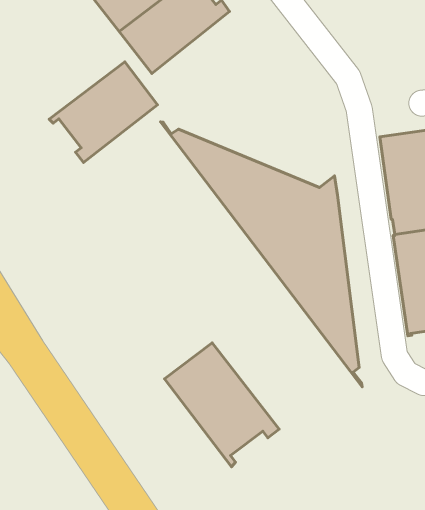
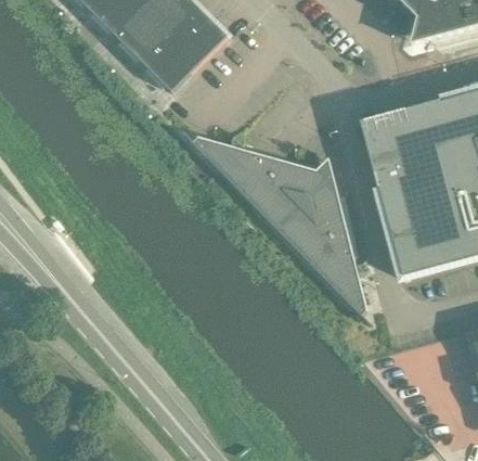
building: [49,62,157,163] -> none
building: [165,343,279,467] -> none

